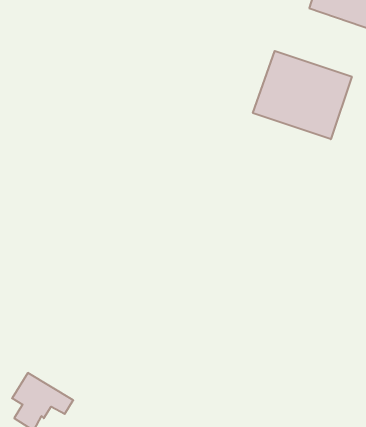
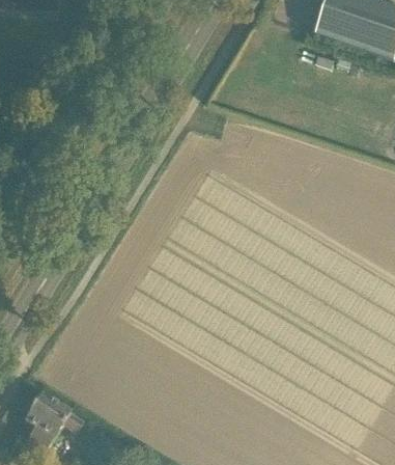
building: [253,51,352,139] -> none

